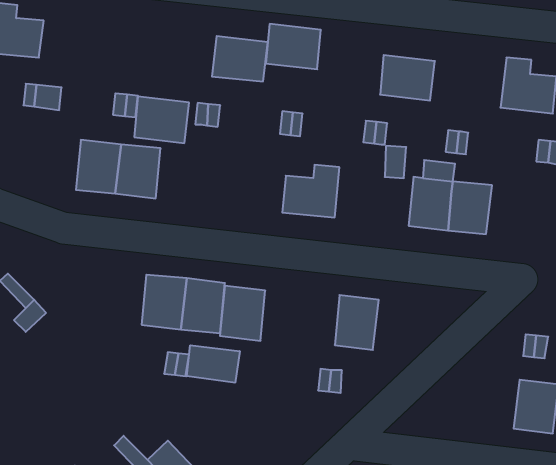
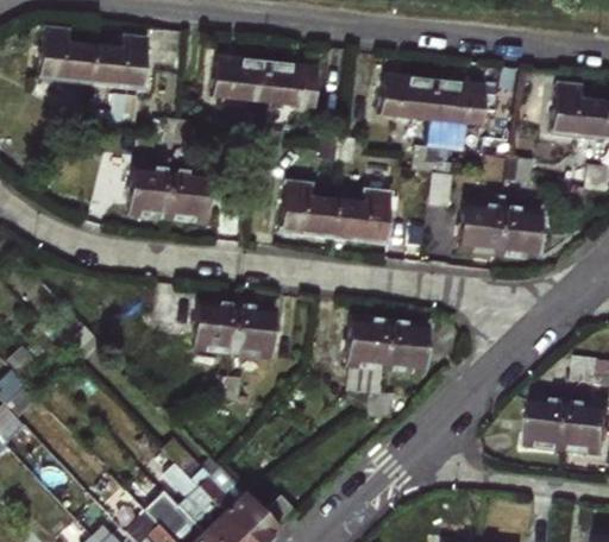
building: none -> [92,37,150,89]
building: [266,24,321,69] -> [381,75,435,120]
building: [134,97,189,143] -> [214,56,269,102]
building: none -> [282,182,338,238]
building: [220,286,265,341] -> [346,315,391,370]
building: [187,345,240,383] -> none
building: none -> [526,399,571,453]

